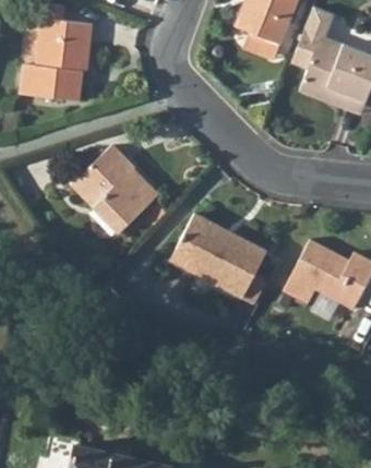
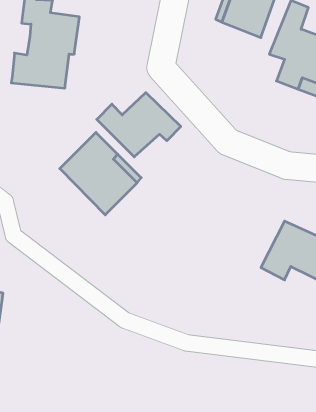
building: none -> [97,93,181,157]
building: [168,213,265,297] -> none

